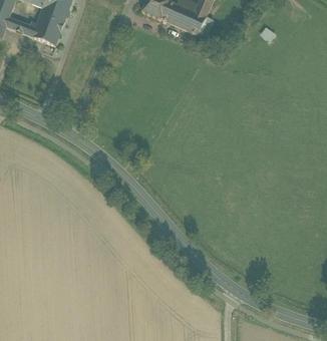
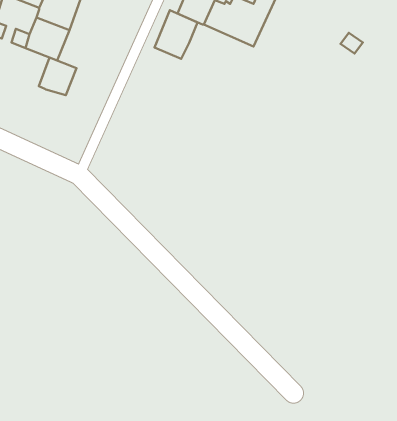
building: none -> [154,10,197,59]
building: none -> [39,57,77,95]

